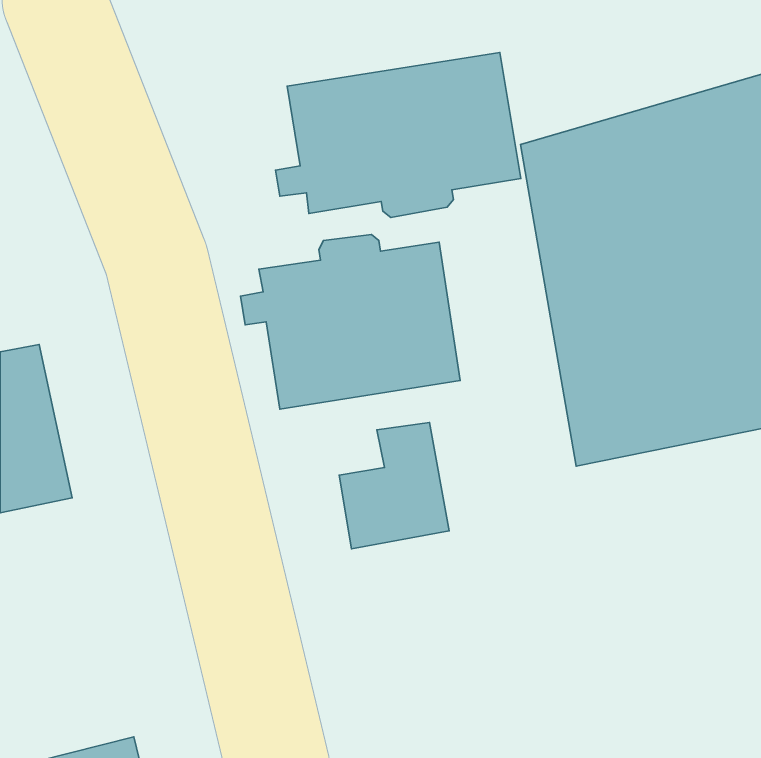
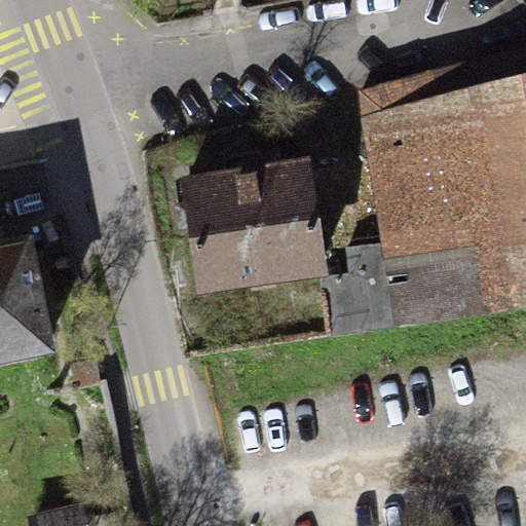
building: [276,53,521,217] -> none
building: [339,422,449,549] -> [324,252,399,338]

